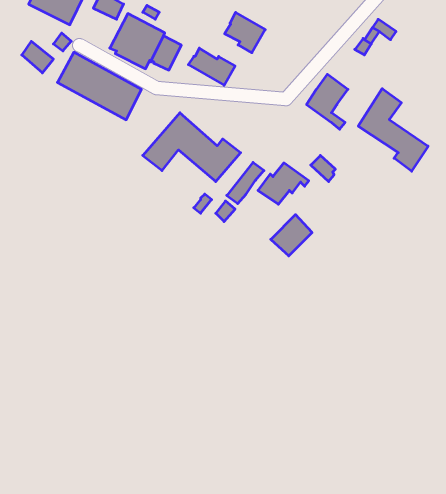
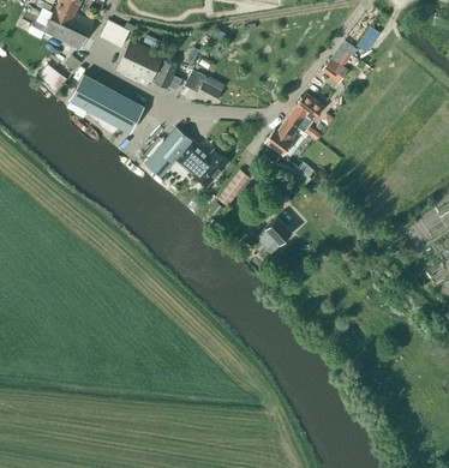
building: [225,12,265,53] -> none
building: [358,89,428,171] -> none
building: [258,163,309,204] -> [264,120,309,156]

